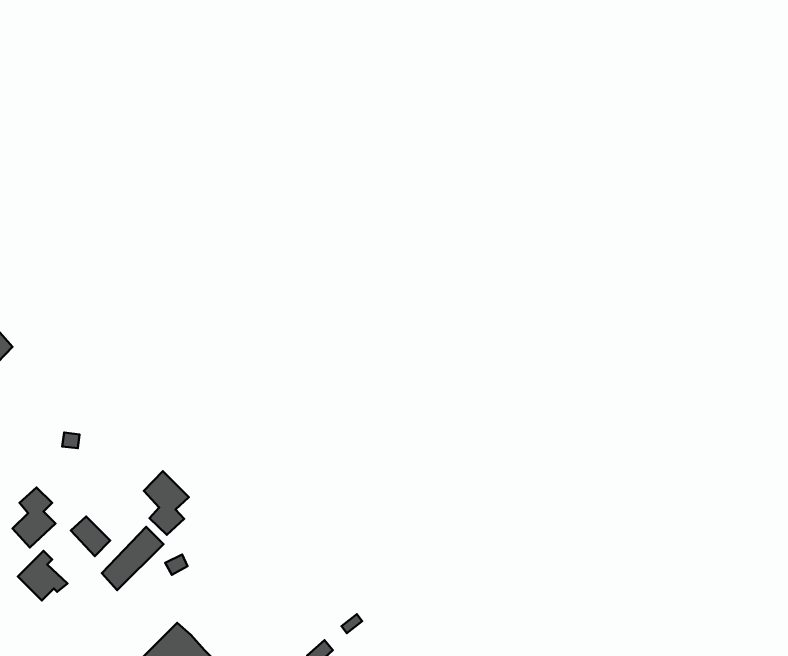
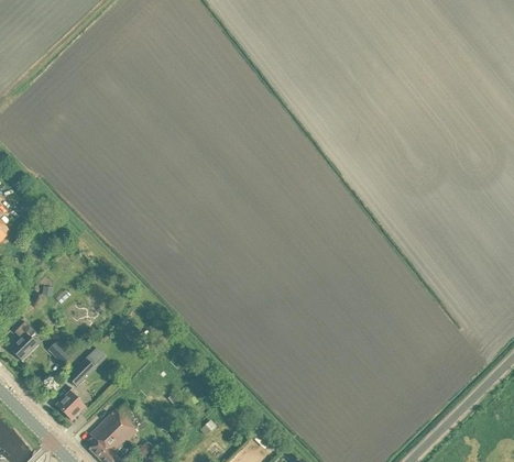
building: [144,471,189,535] -> none
building: [18,551,68,601] -> [55,386,87,418]

